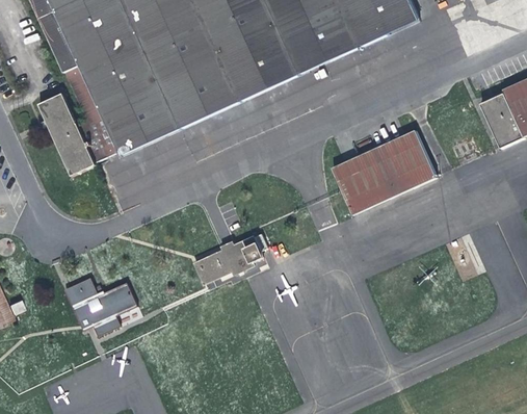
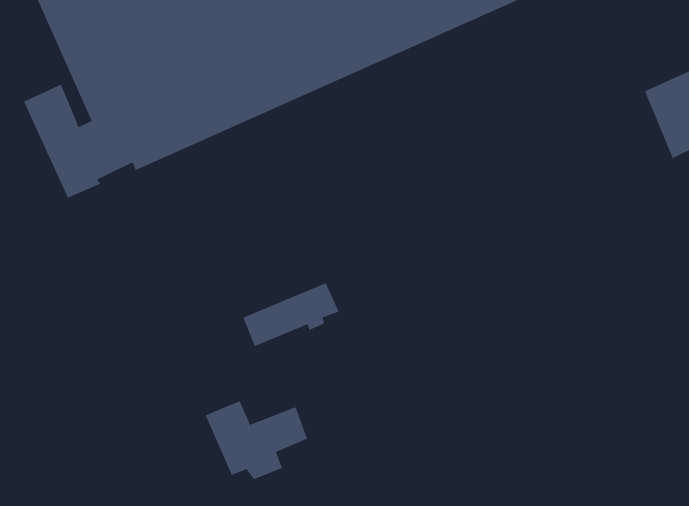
building: [326,131,430,216] -> none
building: [65,276,138,332] -> [205,401,308,480]

